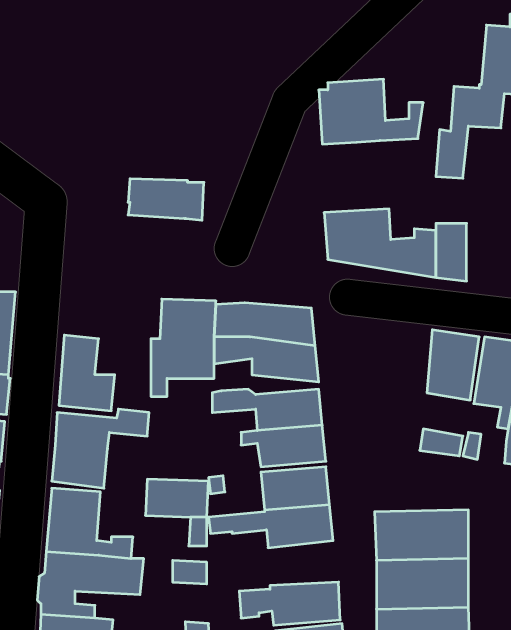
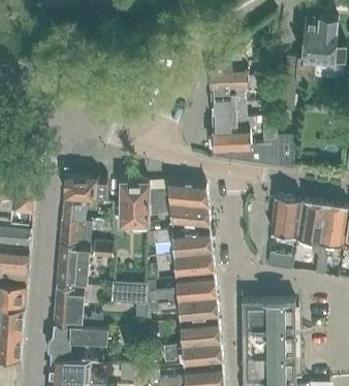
building: none -> [212,90,255,131]
building: [128,179,204,220] -> [64,178,107,201]
building: none -> [181,322,221,345]

